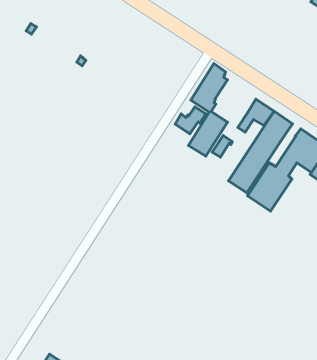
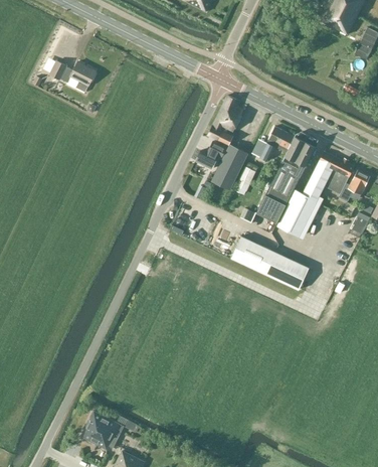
building: none -> [50,60,97,92]
building: none -> [230,238,310,292]

